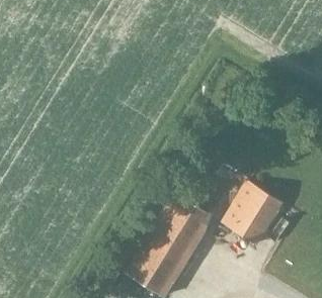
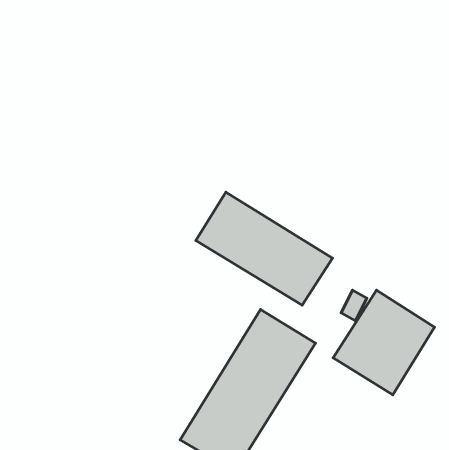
building: none -> [196,192,333,305]

